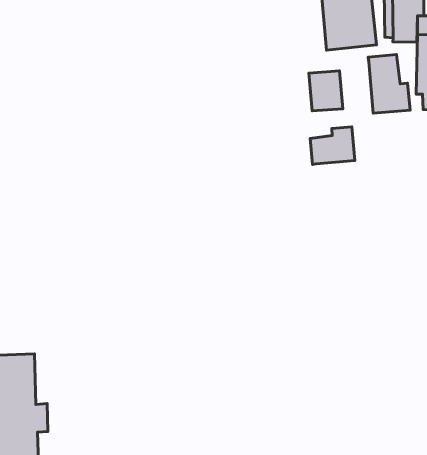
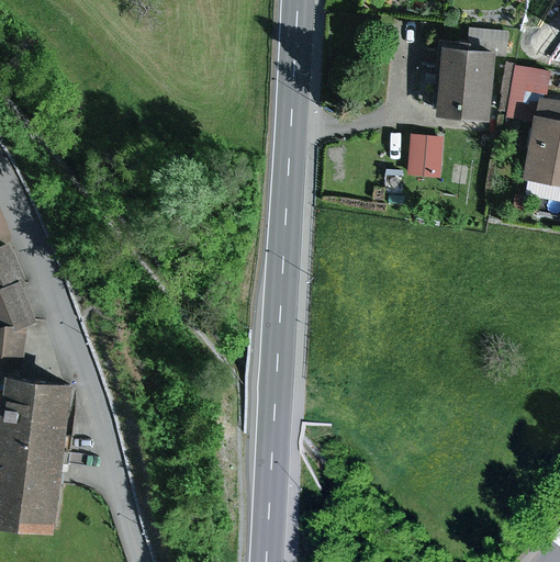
building: [368,54,410,113] -> none
building: [310,127,355,164] -> none

